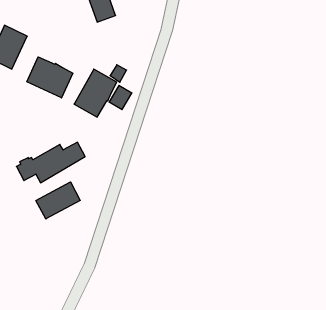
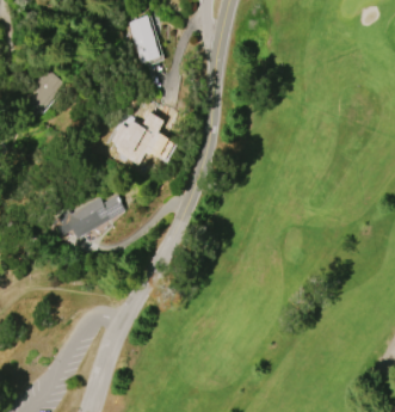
building: [27,57,73,98] -> none
building: [36,182,80,219] -> none

